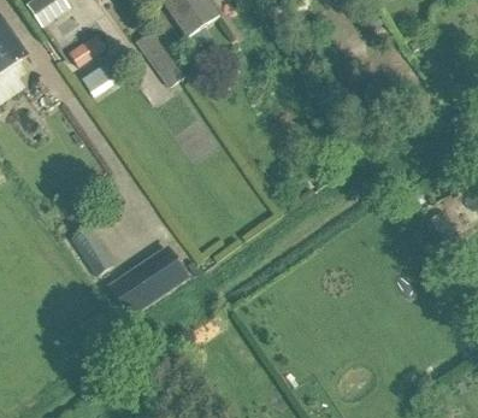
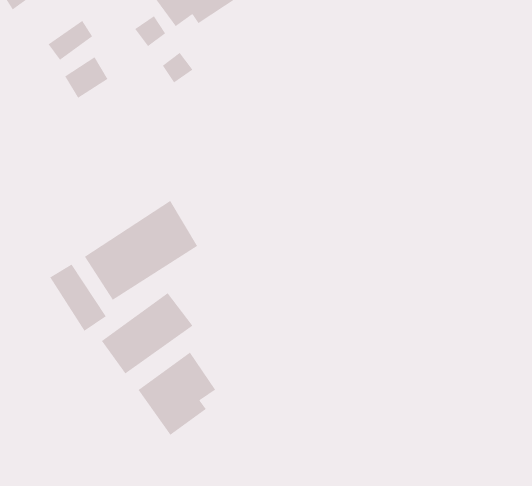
building: none -> [84,200,198,301]
building: none -> [137,352,216,436]

